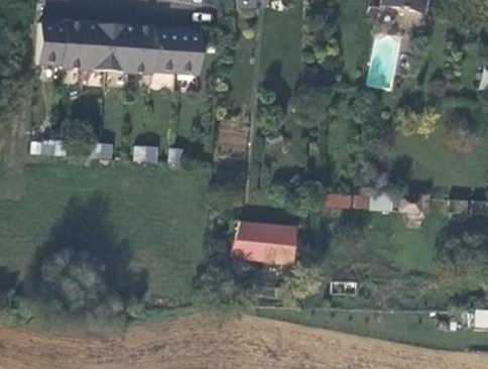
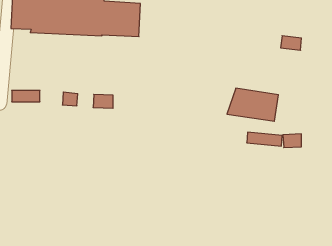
building: [231,220,295,261] -> [227,88,278,121]

